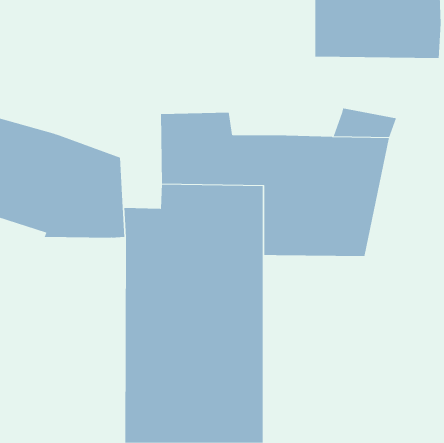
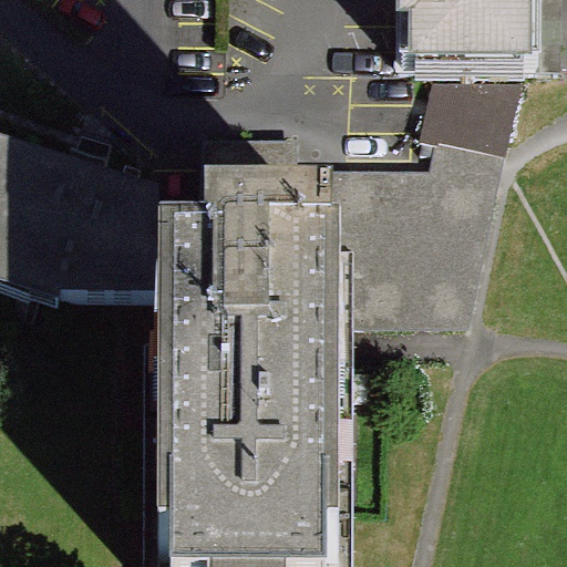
building: none -> [416,78,514,150]

